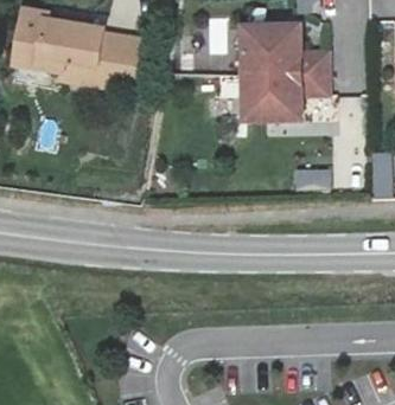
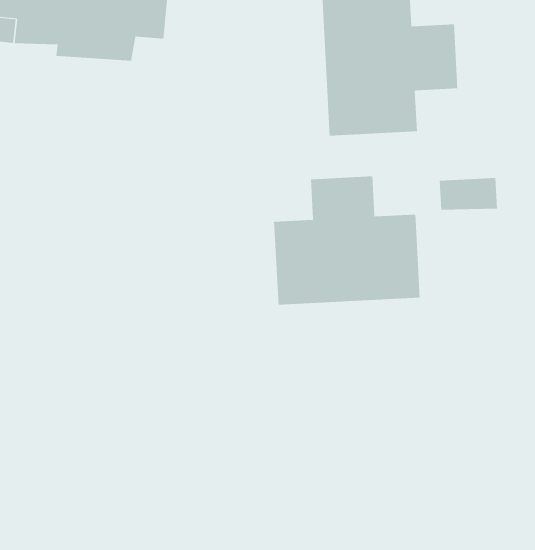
building: none -> [274,175,420,306]

